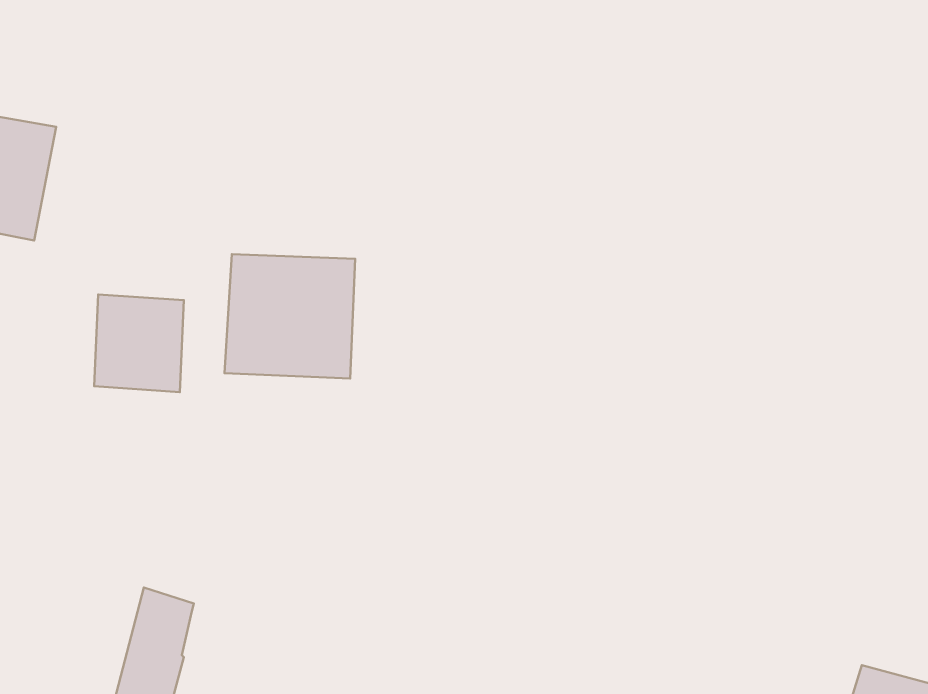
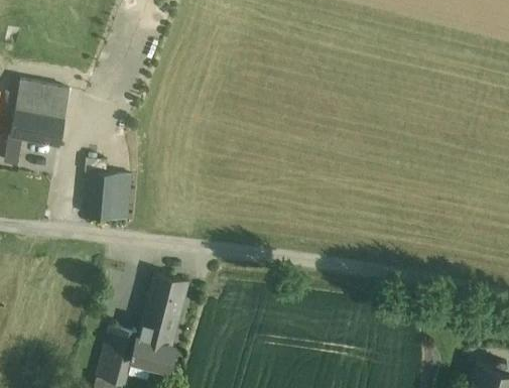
building: [225,254,355,378] -> none
building: none -> [131,273,187,369]

